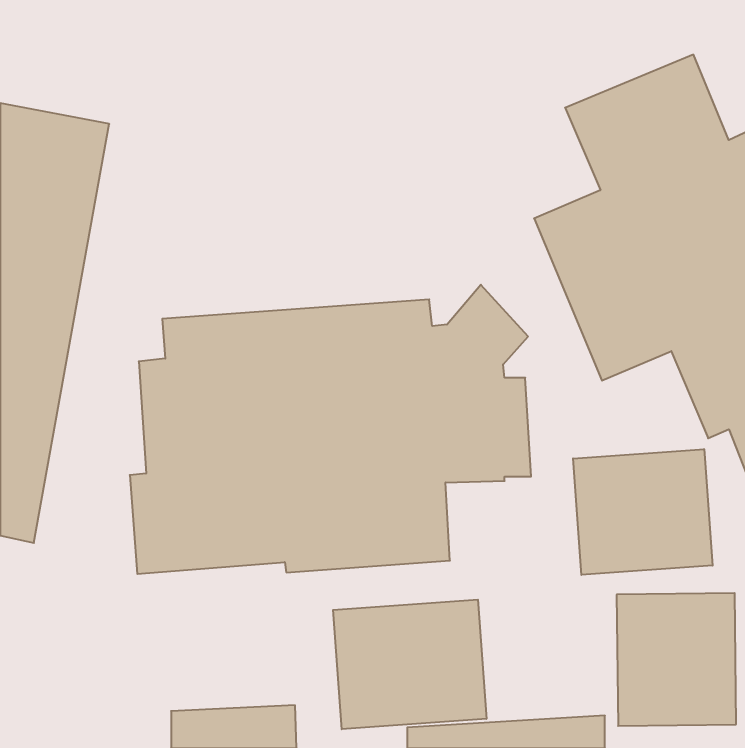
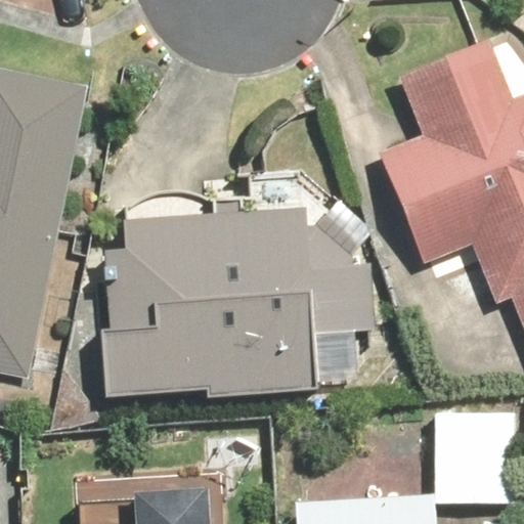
building: [573,449,713,575] -> none
building: [333,600,486,729] -> none

